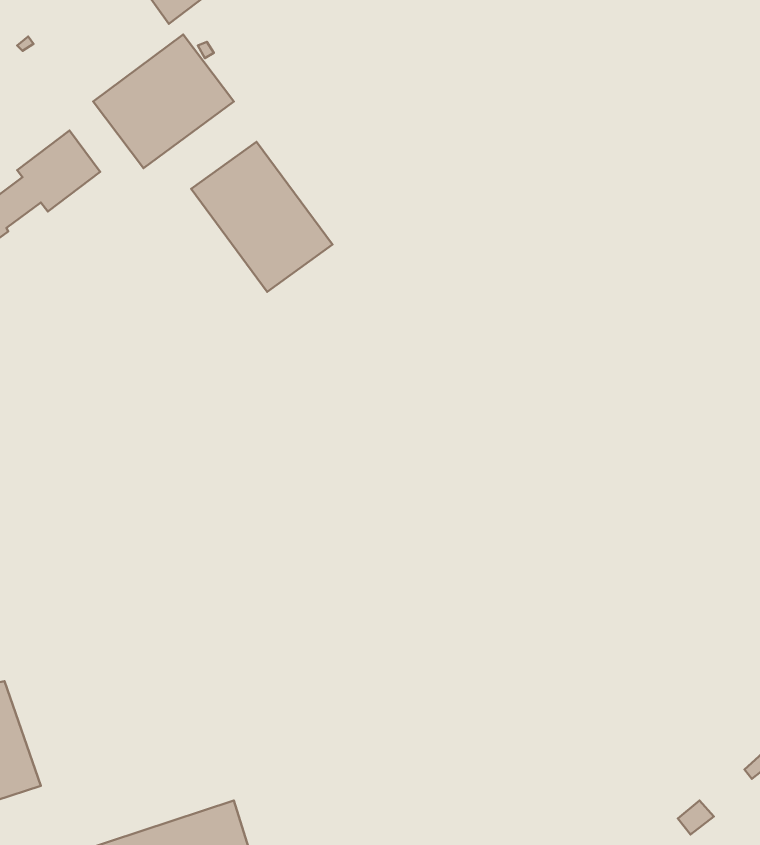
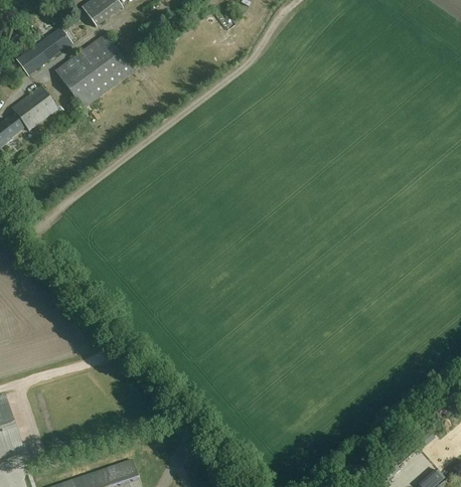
building: none -> [16,27,70,73]
building: [191,142,333,292] -> none

